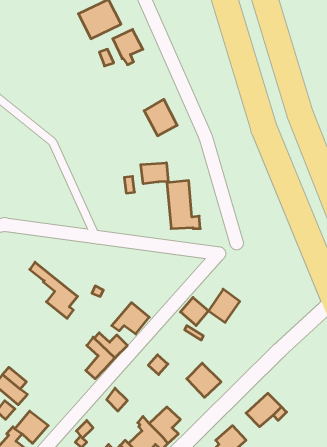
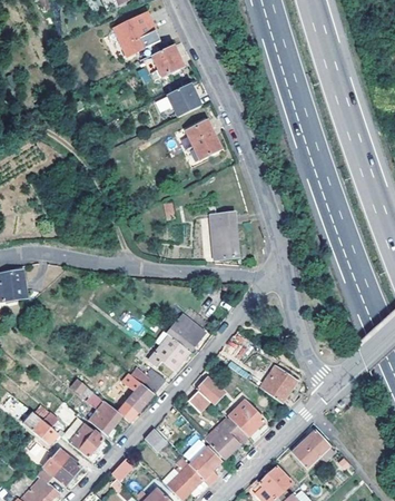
building: none -> [166,81,199,115]
building: [141,163,168,184] -> none
building: [30,262,78,318] -> [71,379,122,439]
building: none -> [167,315,204,351]
building: [209,289,240,322] -> [265,367,298,403]
building: none -> [197,376,226,410]
building: none -> [207,418,248,460]
building: none -> [63,419,103,461]

